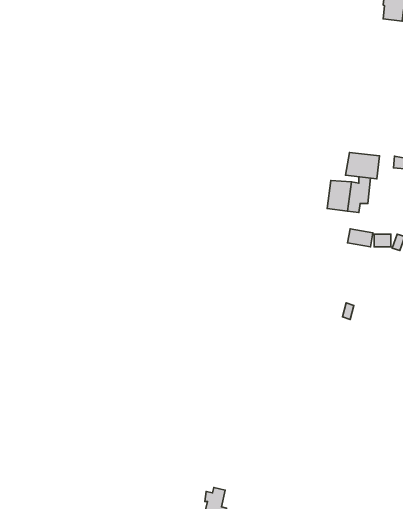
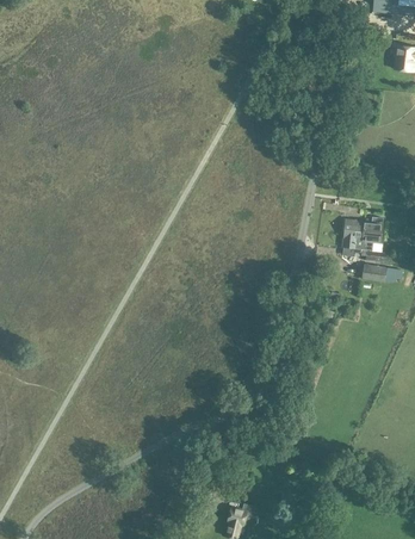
building: [345,153,380,179] -> none

